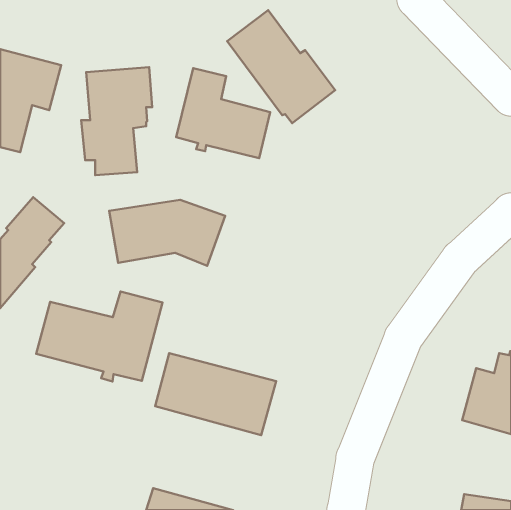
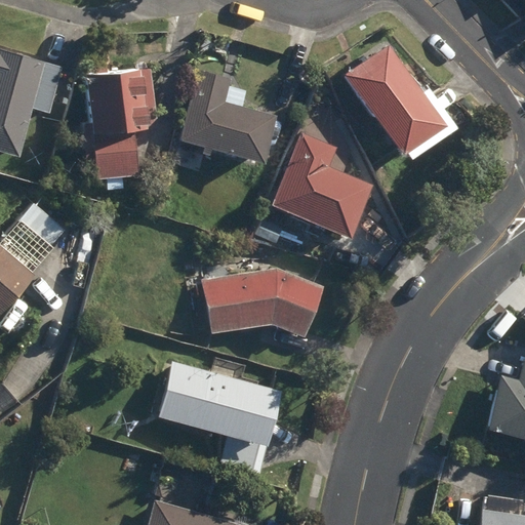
building: [227,10,335,123] -> [347,44,457,160]
building: none -> [273,133,373,237]
building: [109,200,225,266] -> [203,270,322,337]
building: [36,291,162,381] -> none

